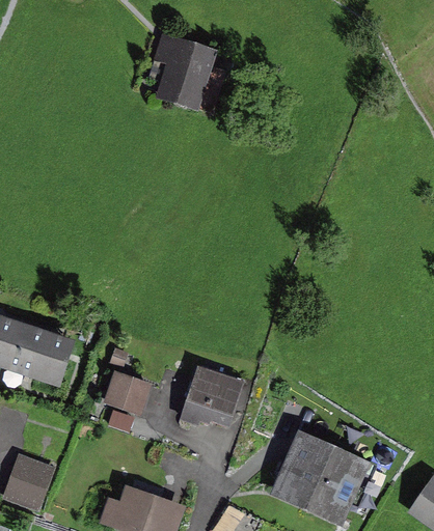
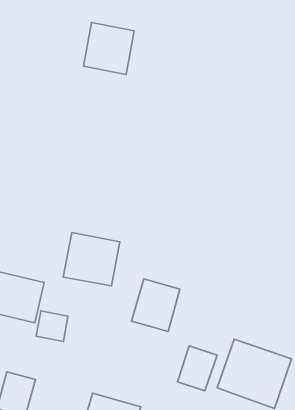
building: none -> [63,232,120,286]
building: [107,372,147,412] -> [36,311,68,342]
building: none -> [178,346,217,391]

